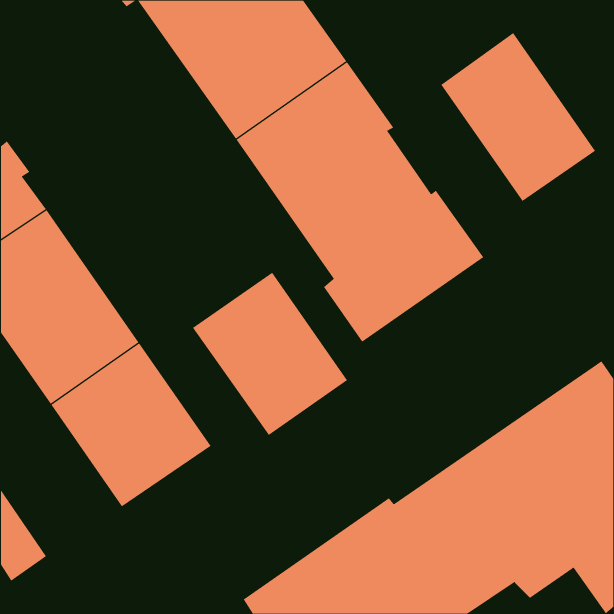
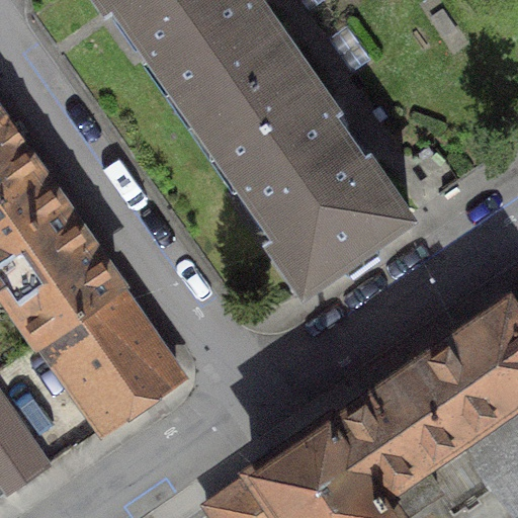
building: [441,32,596,202] -> none
building: [192,272,348,436] -> none

